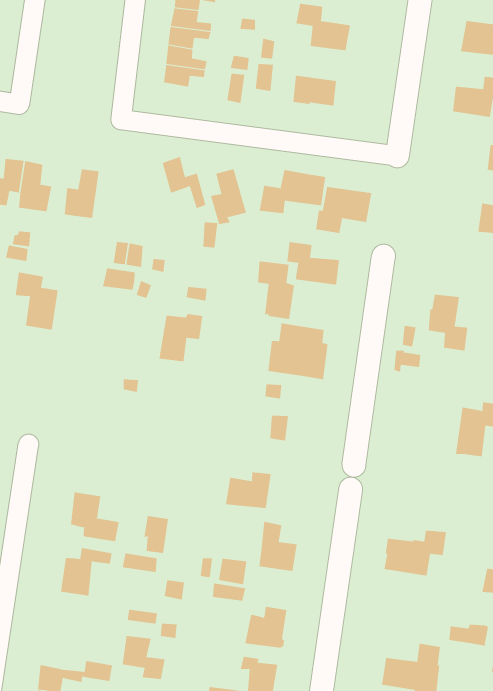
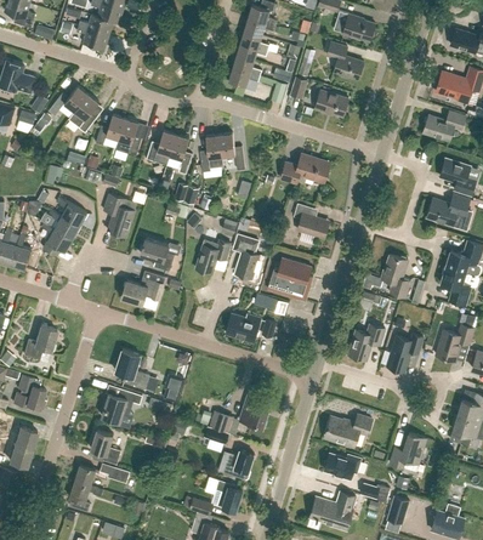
building: [210,169,247,225] -> [199,135,222,171]
building: none -> [165,133,192,174]
building: [316,186,372,234] -> none
building: [257,261,295,320] -> [233,234,258,278]
building: none -> [140,238,174,271]
building: none -> [120,271,165,303]
building: none -> [347,324,383,360]
building: [225,472,272,508] -> [225,314,260,341]
building: none -> [323,453,360,479]
building: [122,635,165,679] -> [90,430,120,464]

